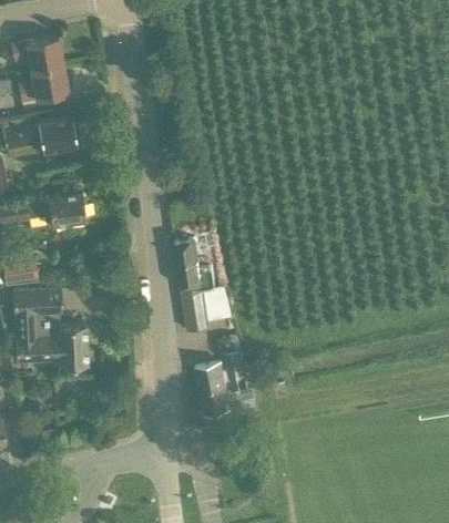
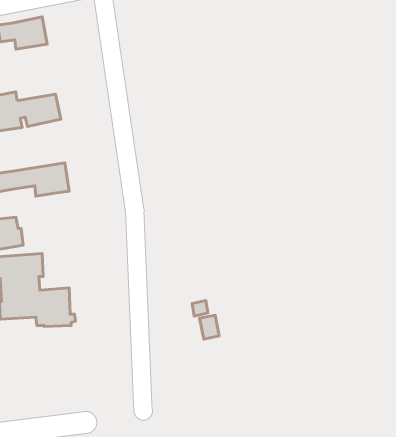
building: [19,64,70,102] -> none
building: [175,239,234,331] -> none
building: [196,363,258,423] -> none

